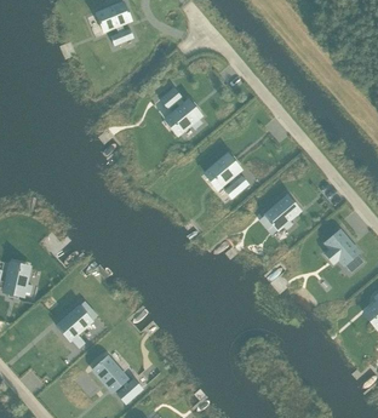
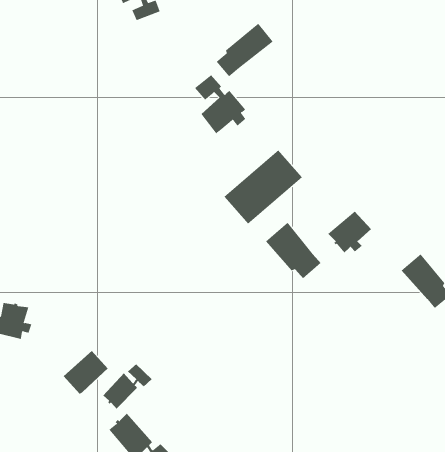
building: none -> [216,23,274,77]
building: none -> [265,222,321,279]
building: none -> [102,364,152,410]

